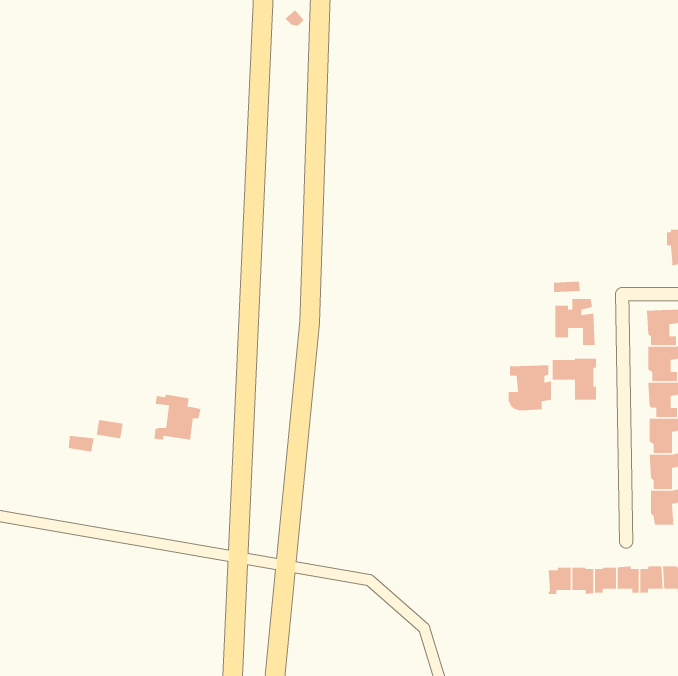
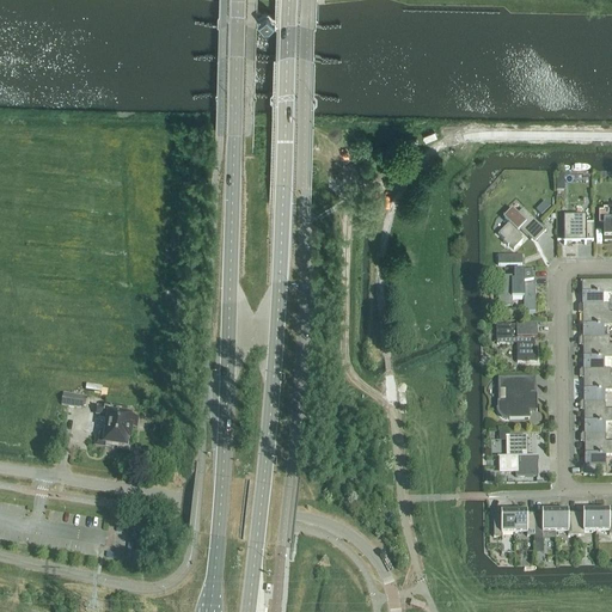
building: none -> [498,206,546,246]
building: none -> [564,215,594,241]
building: [508,365,552,411] -> [498,375,538,417]
building: [154,394,202,440] -> [96,403,139,445]
building: none -> [498,433,539,475]

